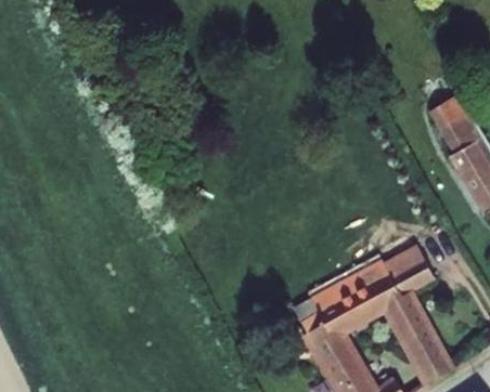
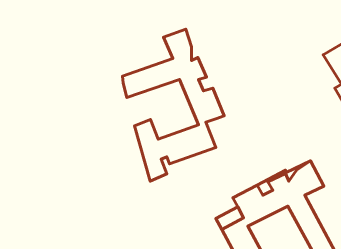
building: none -> [123,29,224,181]

